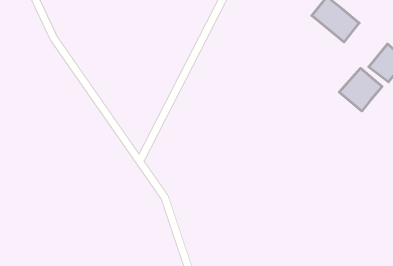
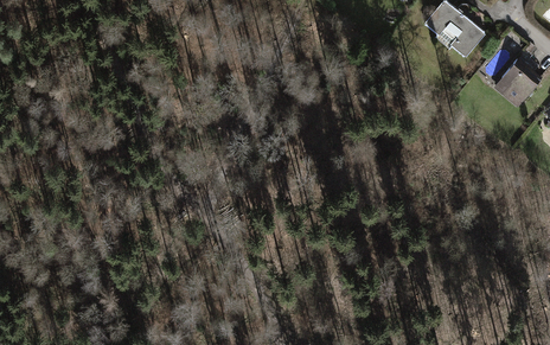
building: [339,68,382,111] -> none

